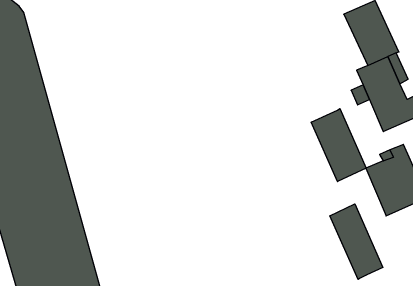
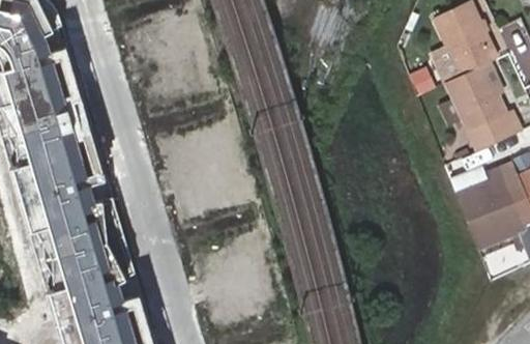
building: [311,109,366,182] -> none
building: [330,204,383,279] -> none

